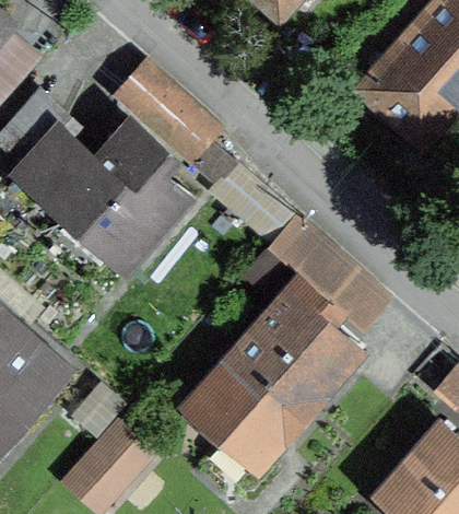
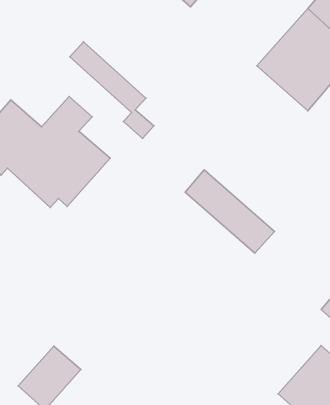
building: [179,278,352,470] -> none

